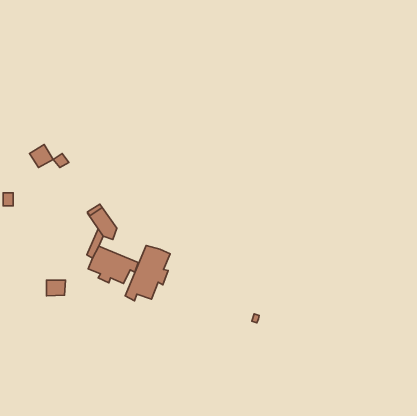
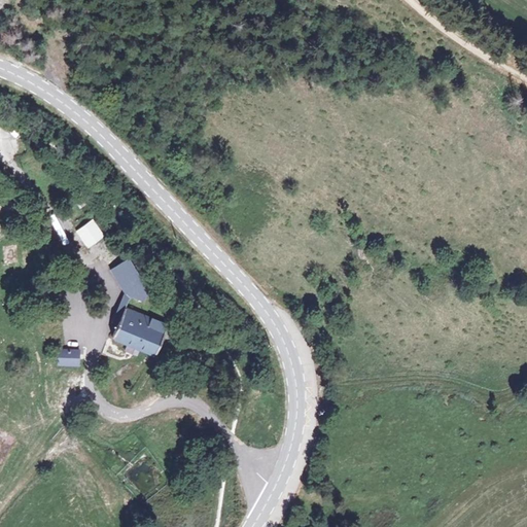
building: [29,145,53,168] -> [76,216,106,245]
building: [125,245,170,301] -> none

